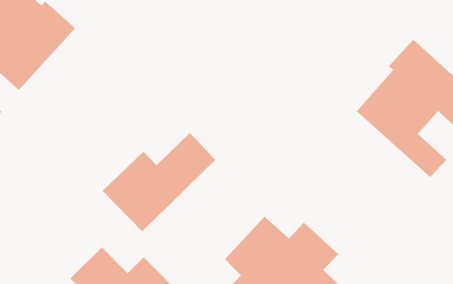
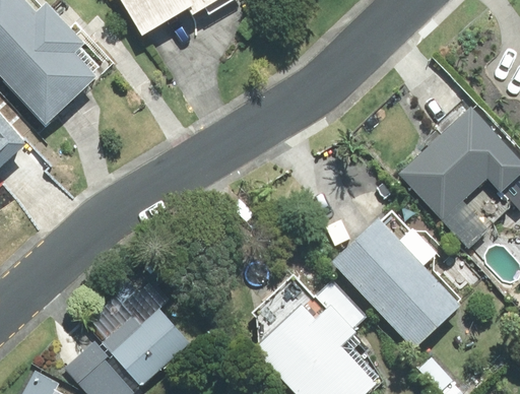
building: [102,132,216,232] -> none
building: none -> [328,210,455,351]

